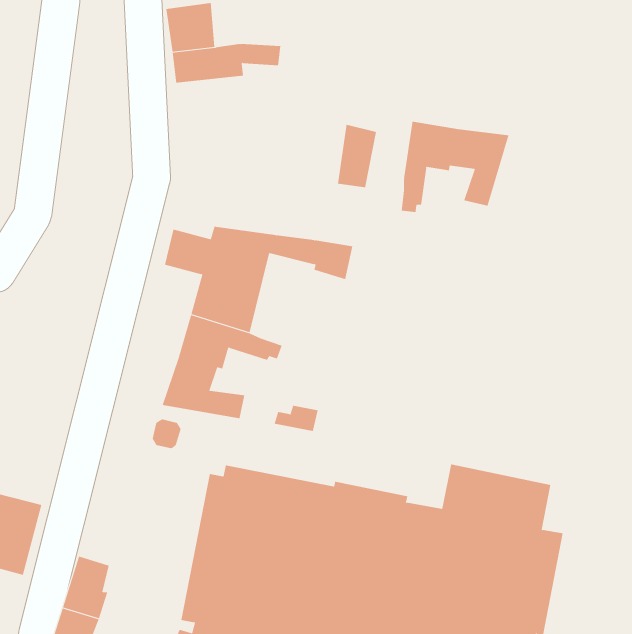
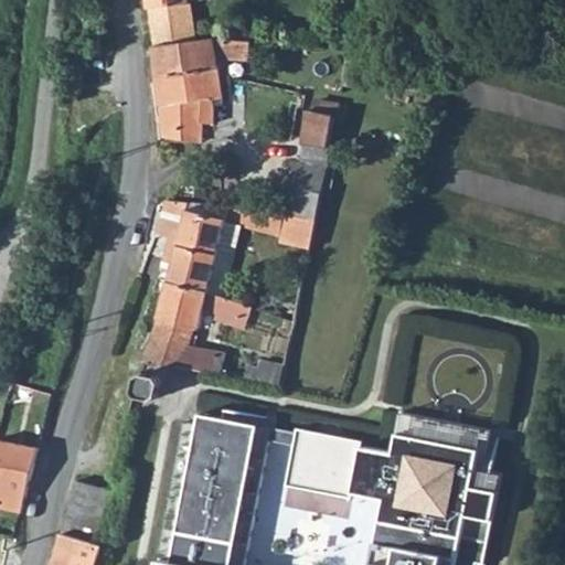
building: none -> [156,68,221,143]
building: [401,121,509,213] -> none
building: none -> [279,163,324,220]

